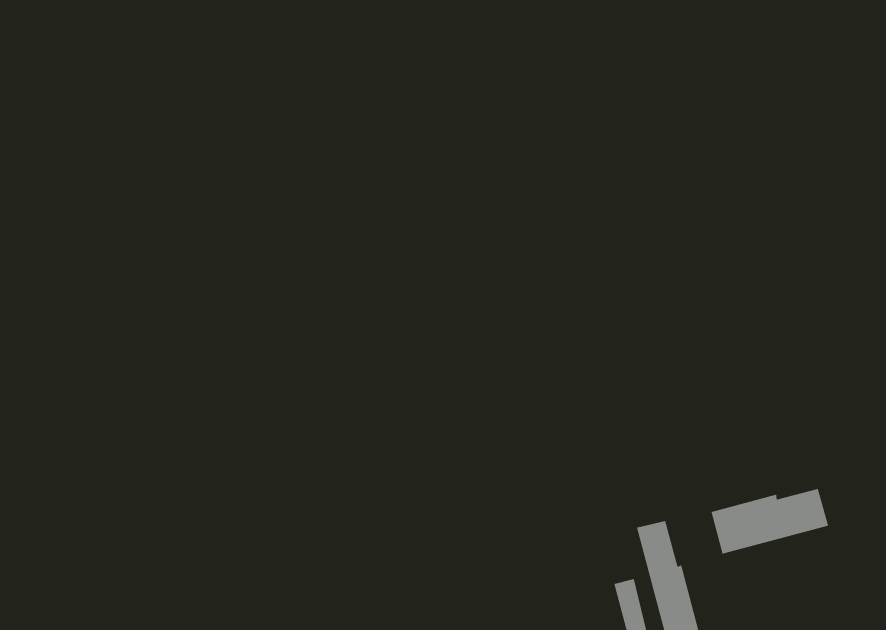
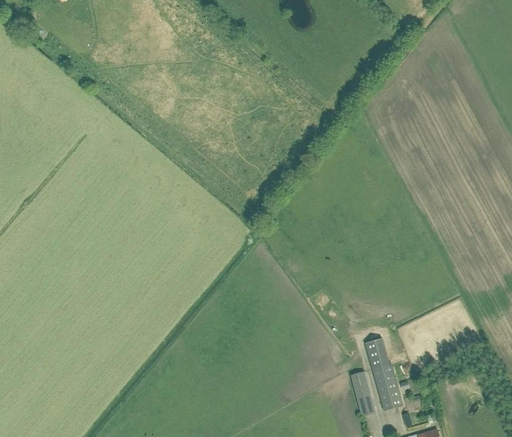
building: [711,488,829,554] -> none

